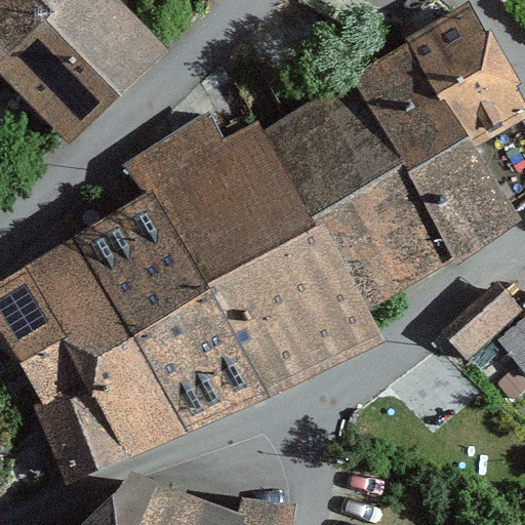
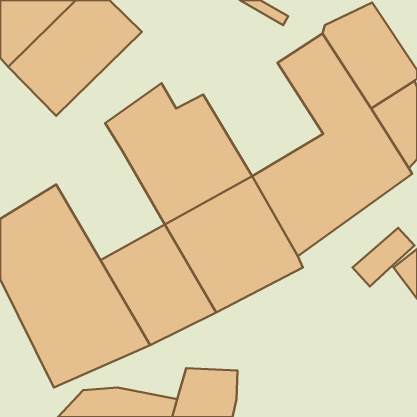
building: [261,79,406,221] -> none
building: [71,188,207,327] -> none

